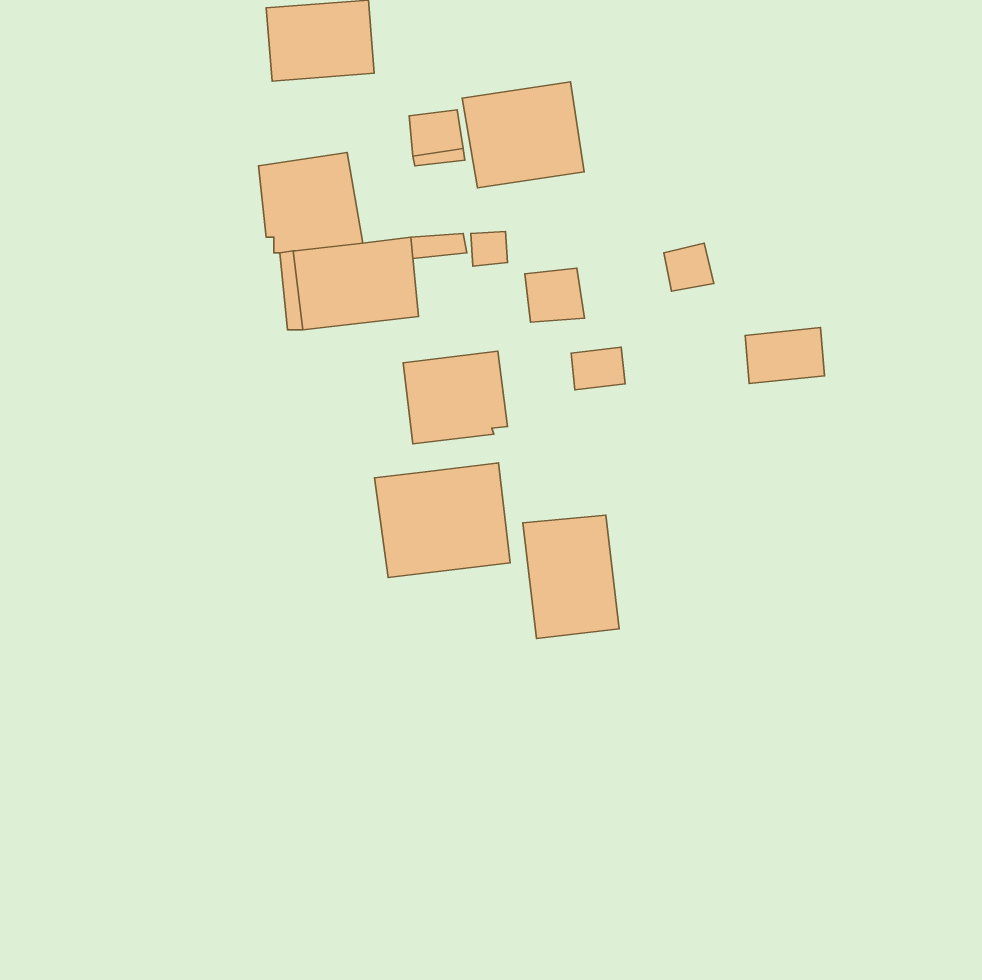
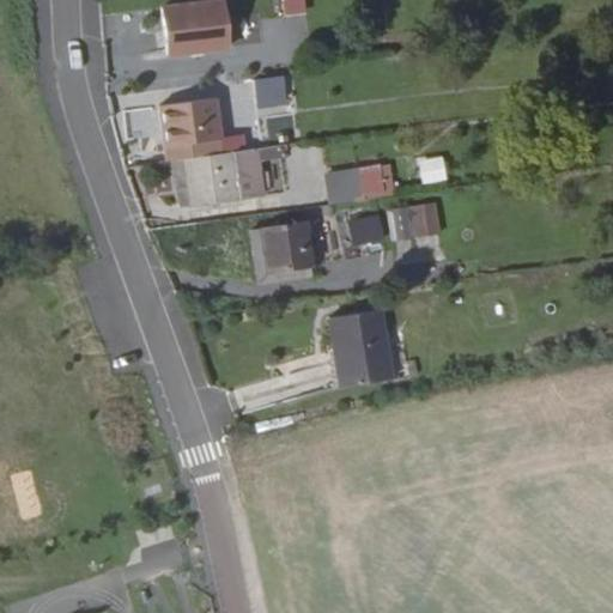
building: [462,82,584,188] -> none
building: [745,328,824,384] -> [399,204,448,238]
building: [375,463,510,578] -> none

